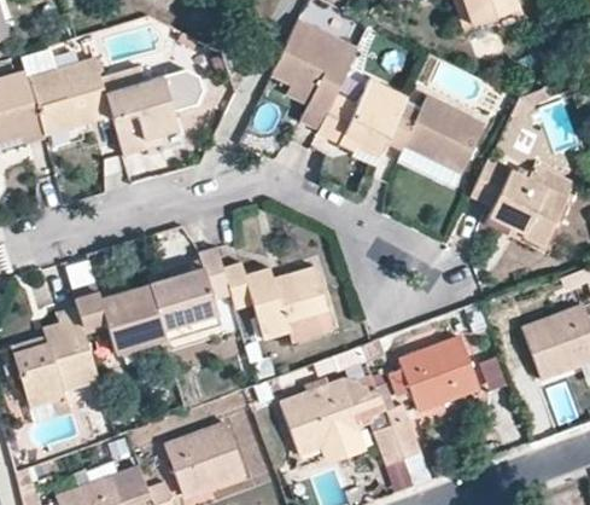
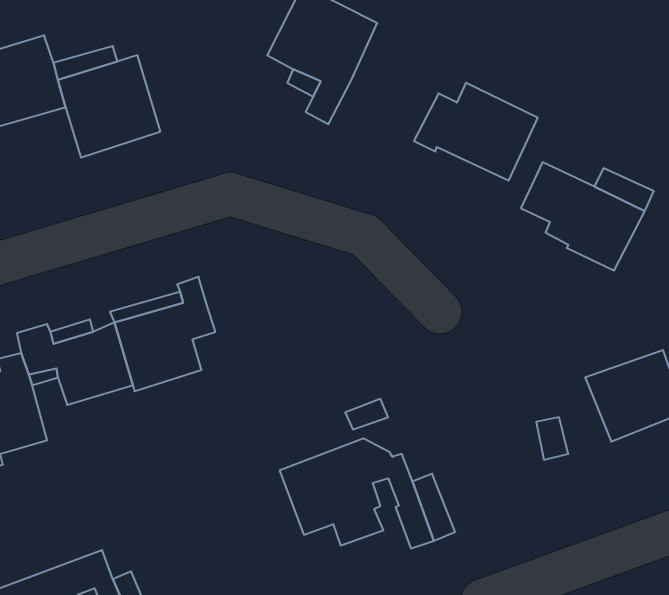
building: [319,80,409,168] -> none
building: [223,265,333,342] -> none
building: [389,336,481,412] -> none
building: [164,422,246,495] -> none

